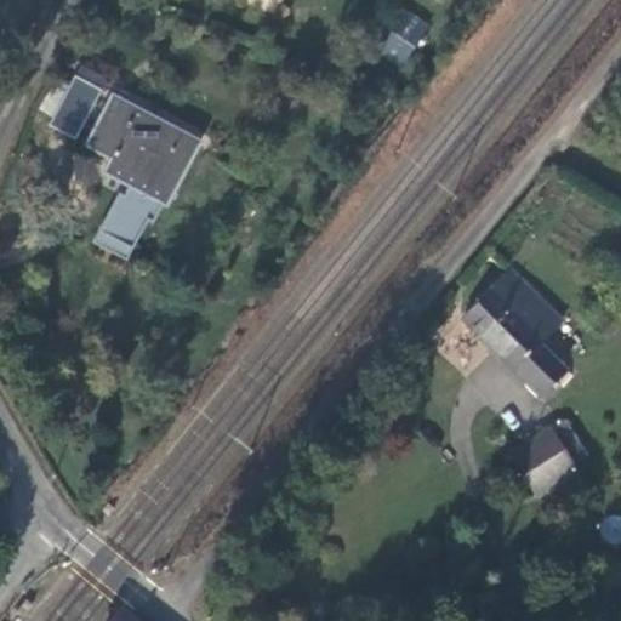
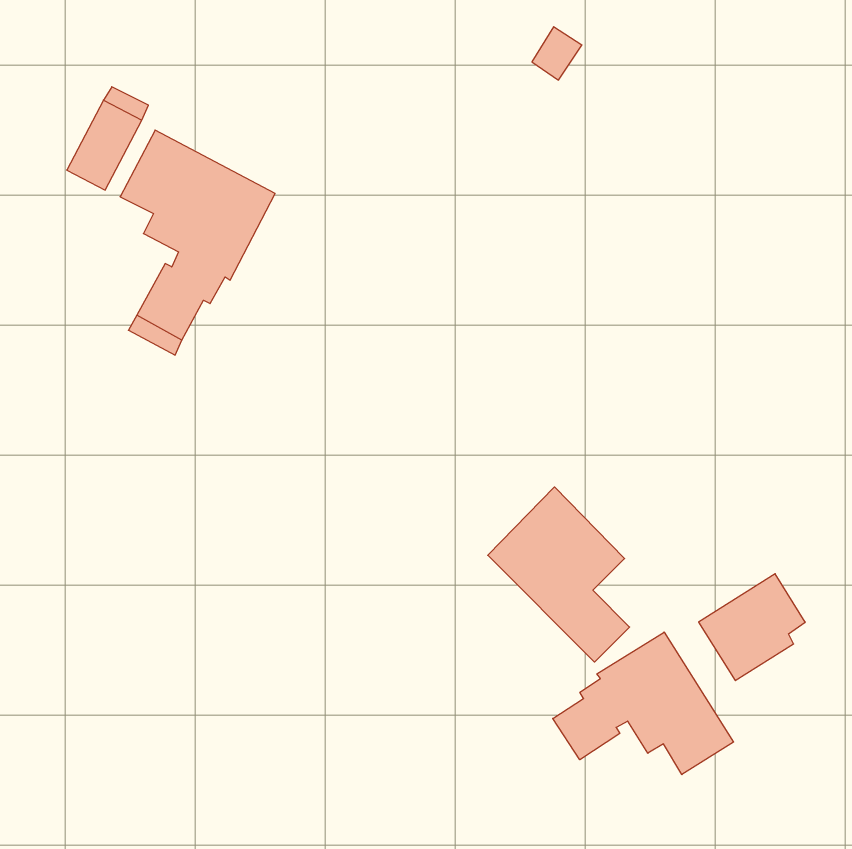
building: [462,267,565,394] -> [488,487,630,662]
building: none -> [553,632,734,775]

